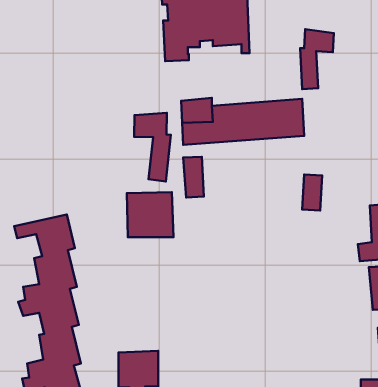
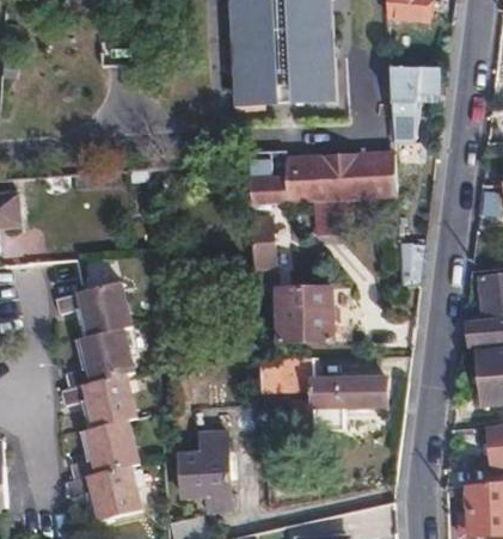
building: [134,113,171,181] -> none
building: [127,192,174,237] -> [282,284,338,338]
building: none -> [263,356,389,428]

